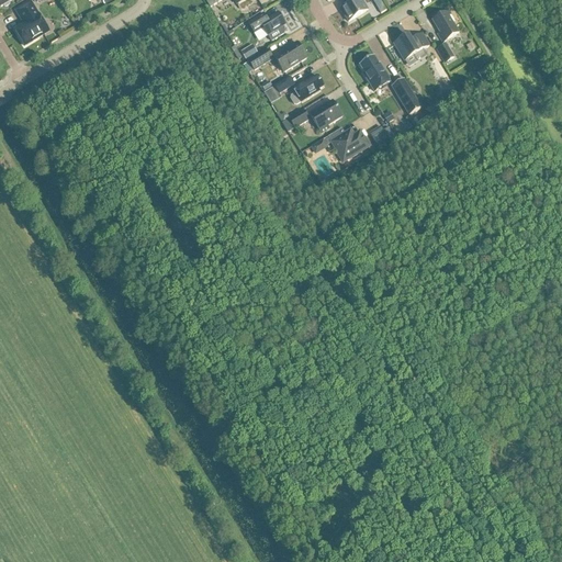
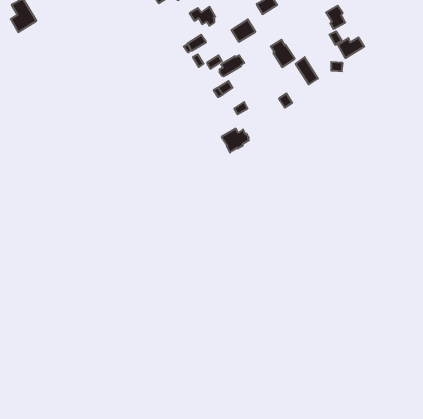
building: [394,31,429,58] -> [338,37,364,58]
building: [274,40,306,69] -> [231,19,255,42]
building: [310,98,342,130] -> none
building: [331,127,368,159] -> [222,129,249,153]

